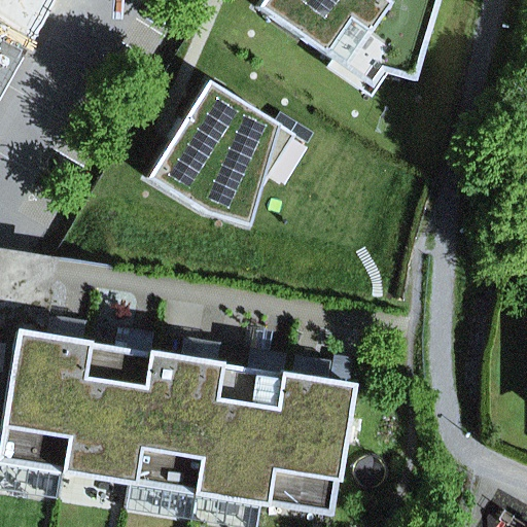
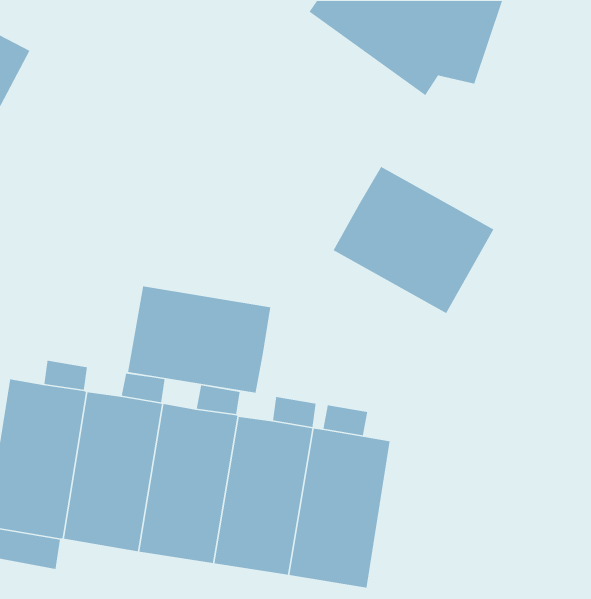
building: [150,79,291,226] -> none
building: none -> [333,166,495,314]
building: none -> [127,285,271,394]

